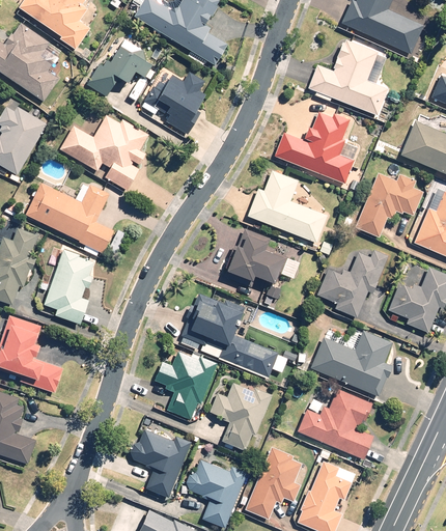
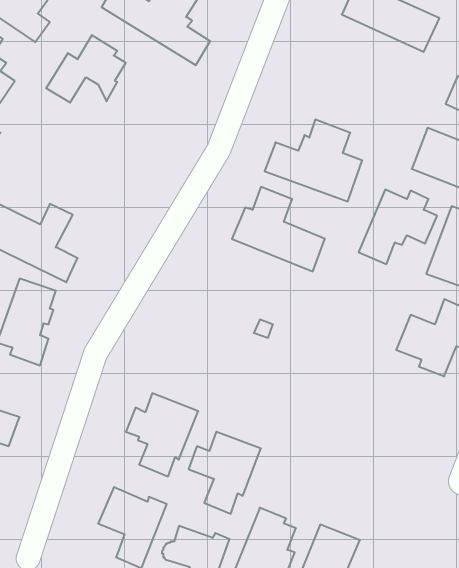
building: [308,40,388,115] -> none
building: [141,69,206,134] -> none
building: [60,115,148,189] -> none
building: [221,228,302,286] -> none
building: [316,250,387,317] -> none
building: [182,292,286,378] -> none
building: [309,330,392,398] -> none
building: [296,388,373,460] -> none

